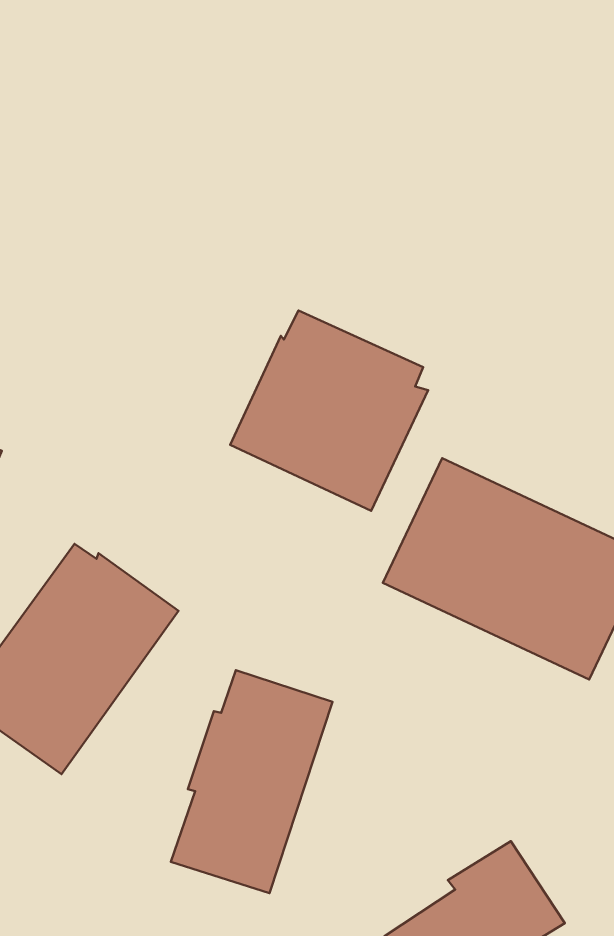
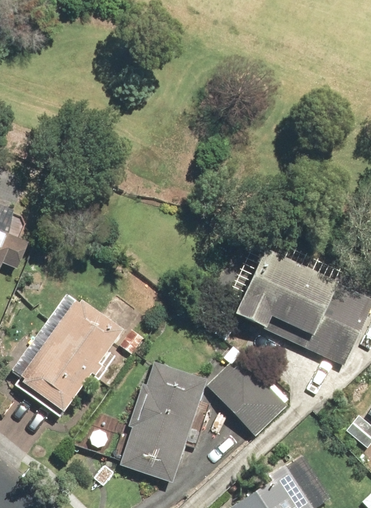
building: [230,310,428,511] -> none
building: none -> [207,351,290,436]

